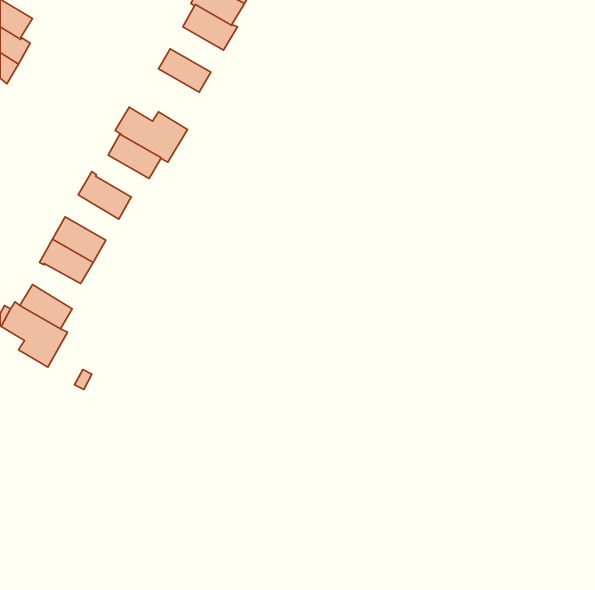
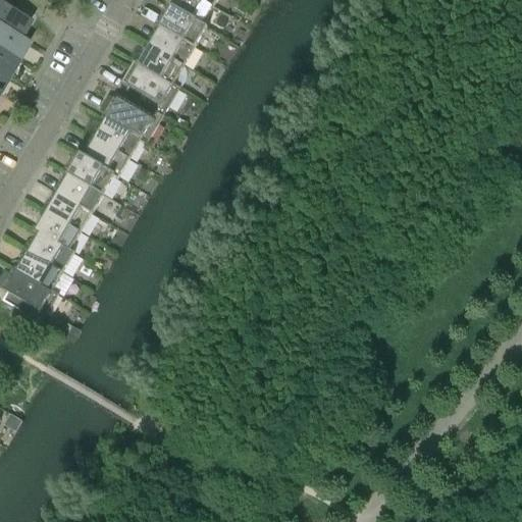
building: none -> [149,23,196,63]
building: none -> [122,57,180,113]
building: none -> [84,136,130,176]
building: none -> [57,170,104,210]
building: none -> [29,230,75,270]

